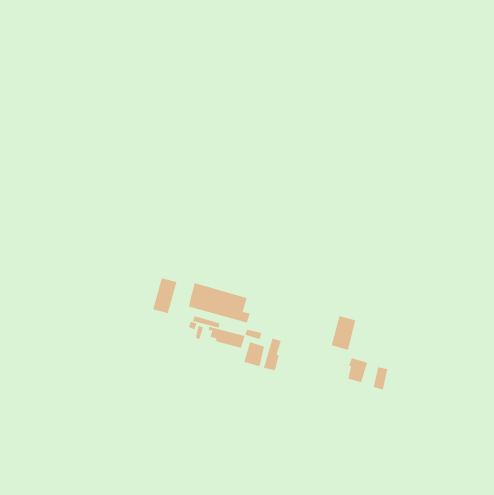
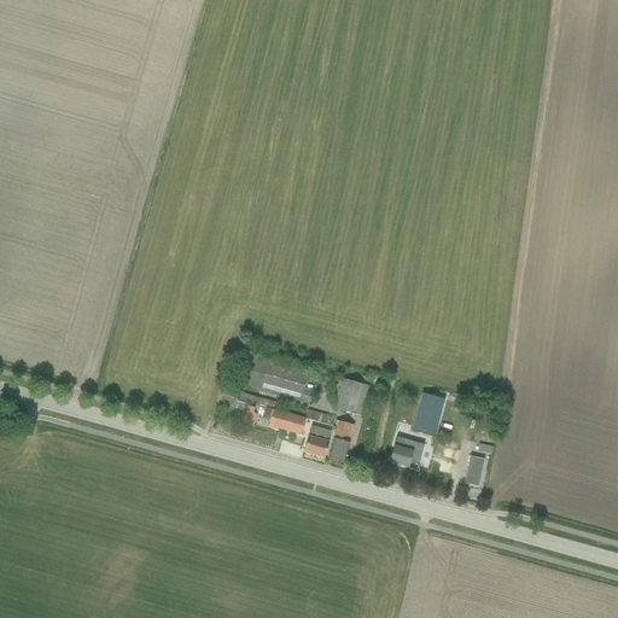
building: [153,277,177,314] -> none
building: none -> [336,379,363,413]
building: [347,358,368,383] -> [391,435,416,466]

